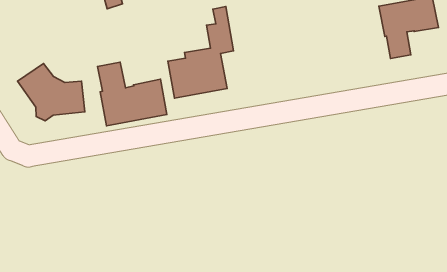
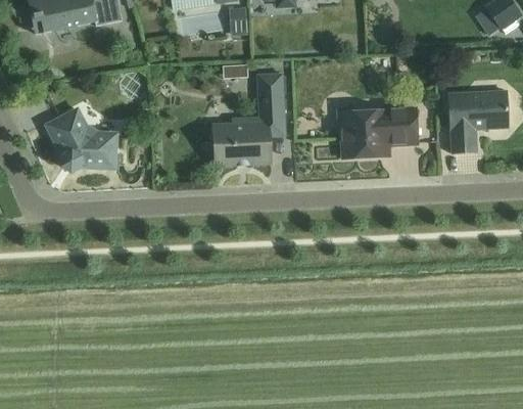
building: none -> [337,107,418,158]
building: [97,62,167,126] -> none

